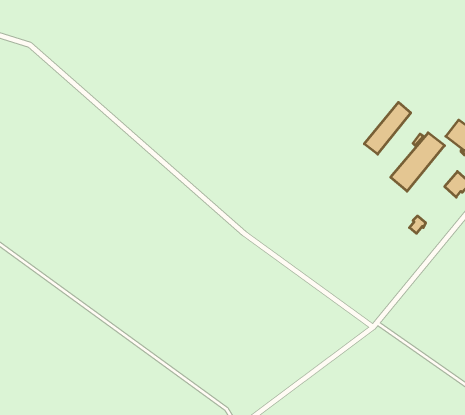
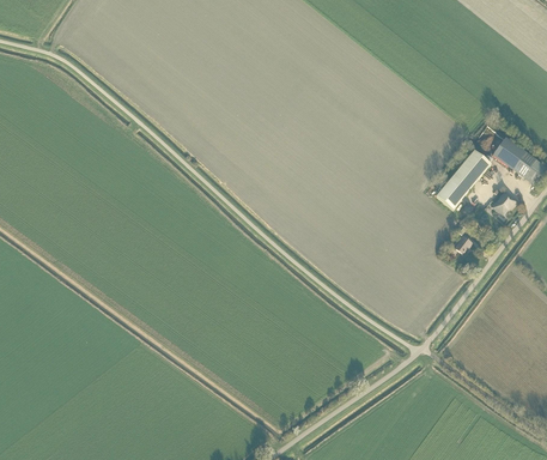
building: [364,102,411,154] -> none

